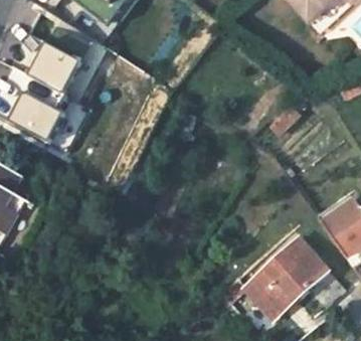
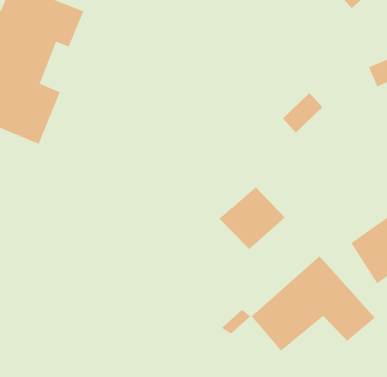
building: none -> [218,187,286,250]

